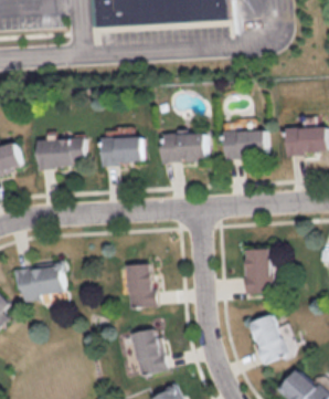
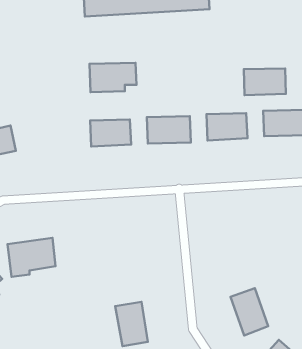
building: none -> [244,69,286,95]
building: [38,138,87,169] -> [89,63,136,92]
building: [243,248,272,296] -> none
building: [125,263,152,307] -> none

